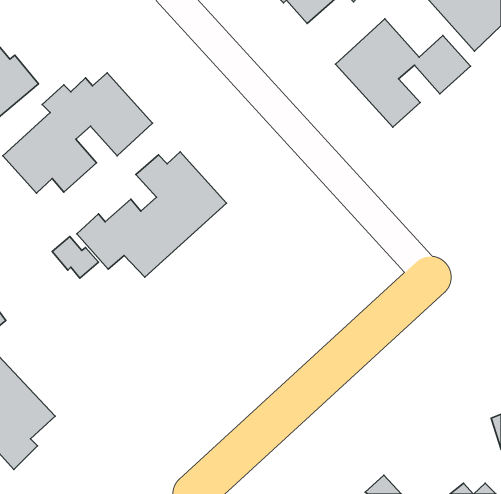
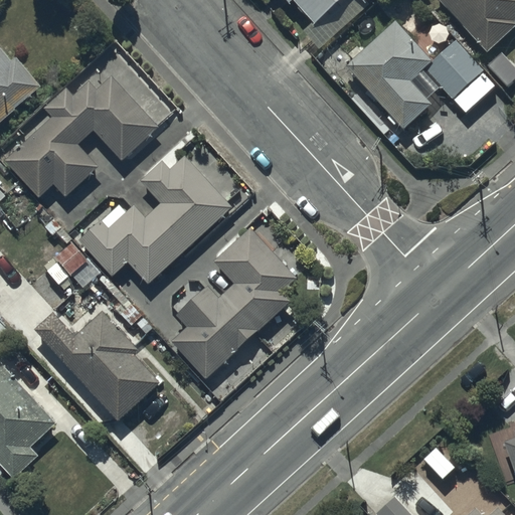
building: none -> [171,227,295,377]
building: none -> [34,312,159,420]

